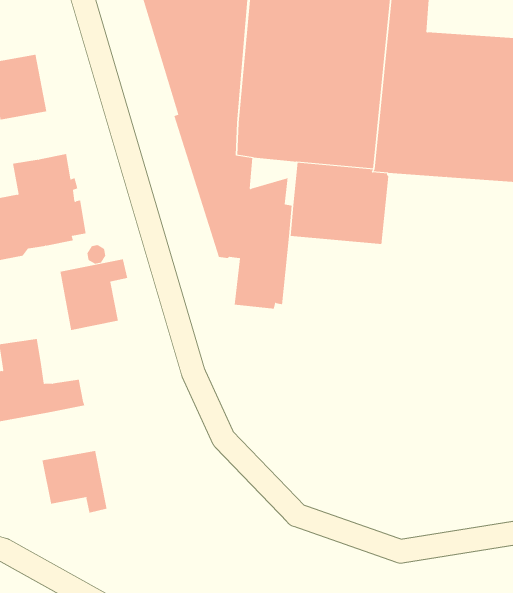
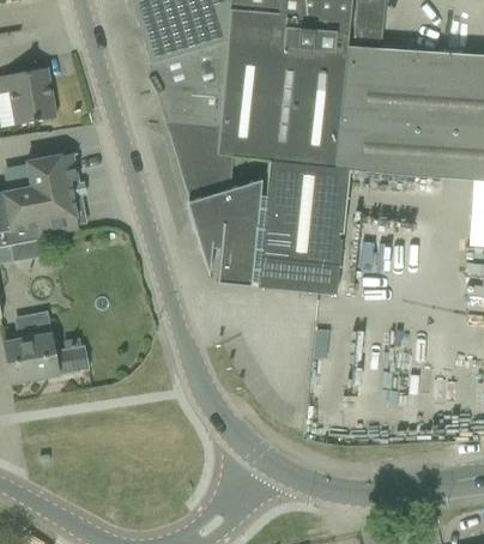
building: none -> [256,224,343,295]
building: [60,259,128,331] -> none
building: [42,450,107,513] -> none

